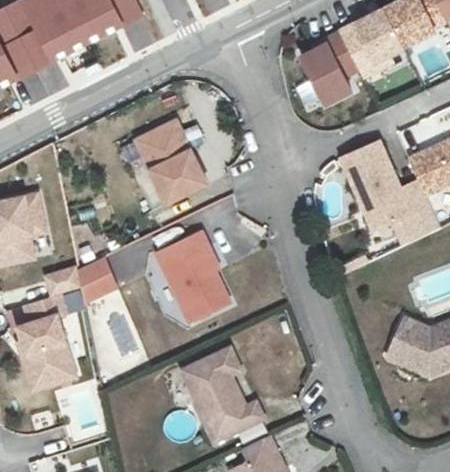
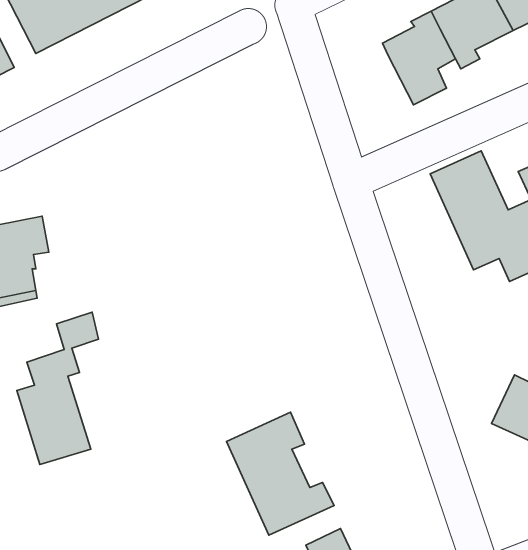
building: [137,120,208,203] -> none
building: [157,232,231,322] -> none
building: [77,257,118,304] -> none

